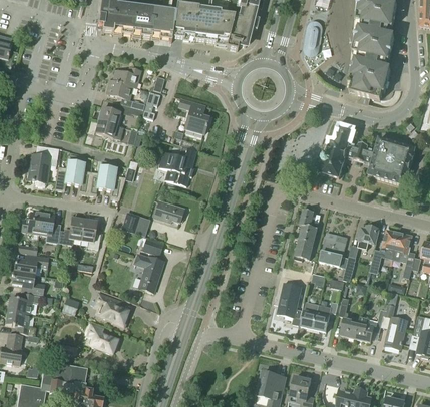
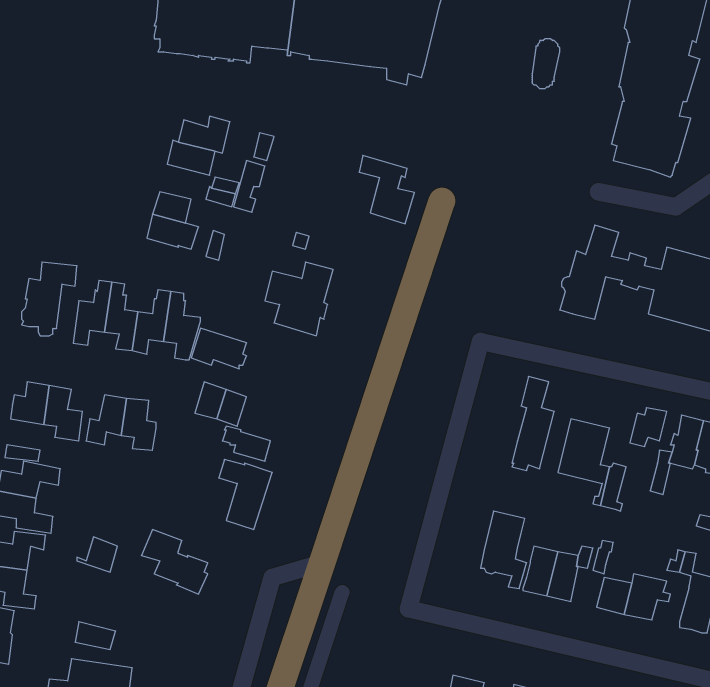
building: [178,97,208,134] -> [359,155,414,224]
building: [153,200,183,223] -> [191,328,247,369]
building: [84,323,119,354] -> none

